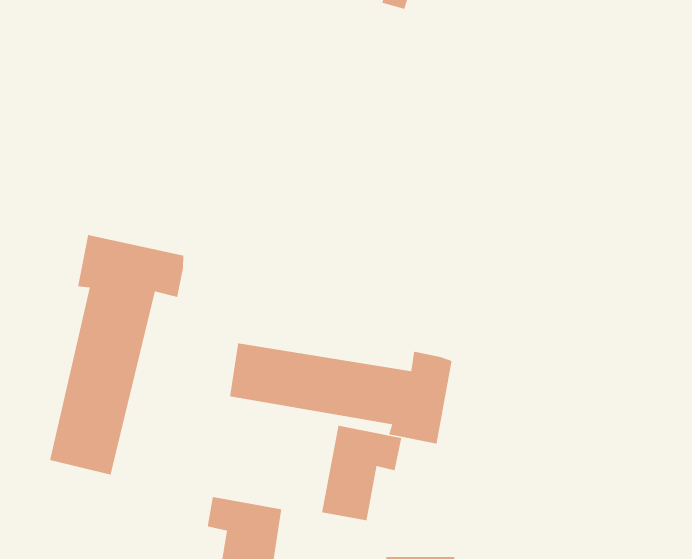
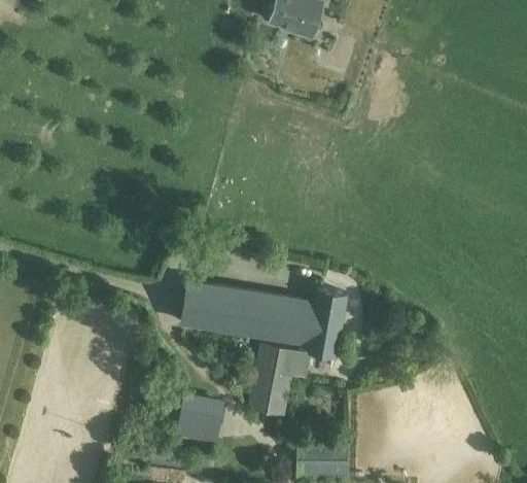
building: [49,234,184,475] -> none

